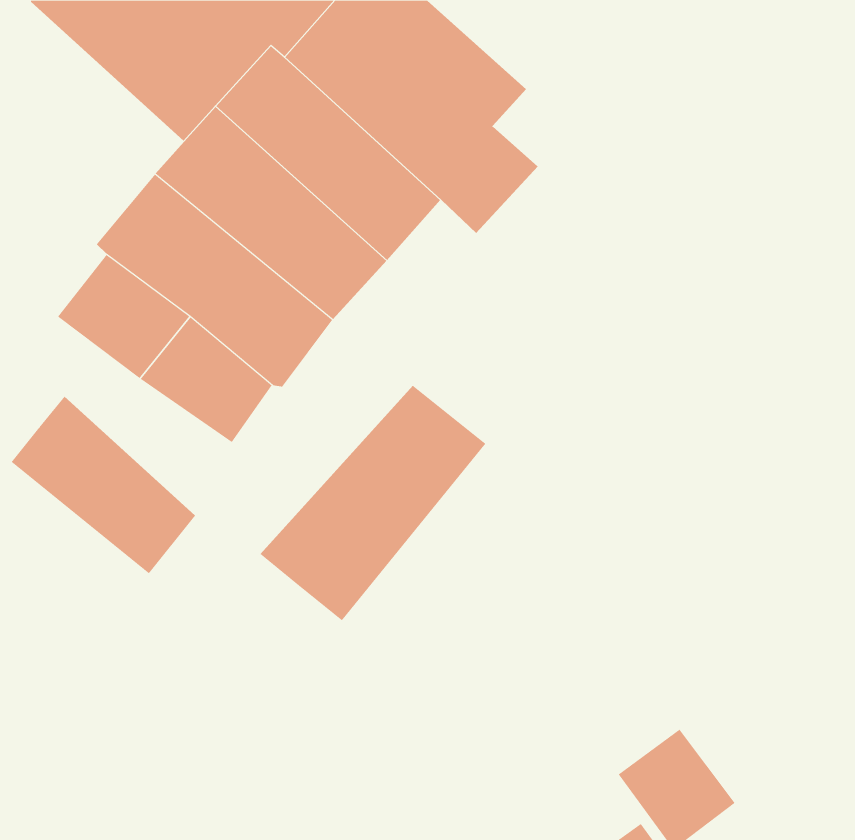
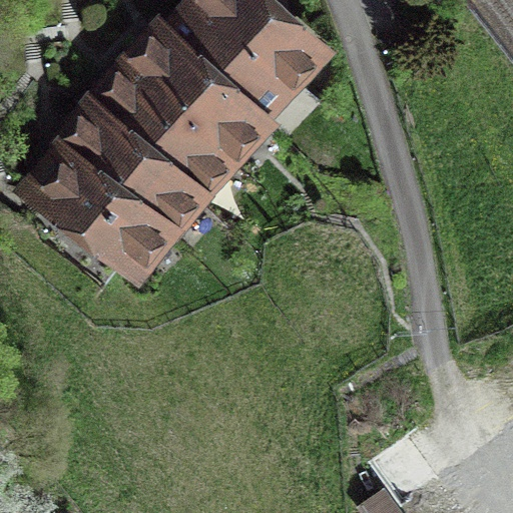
building: [259,385,486,621] -> none
building: [11,396,196,574] -> none

